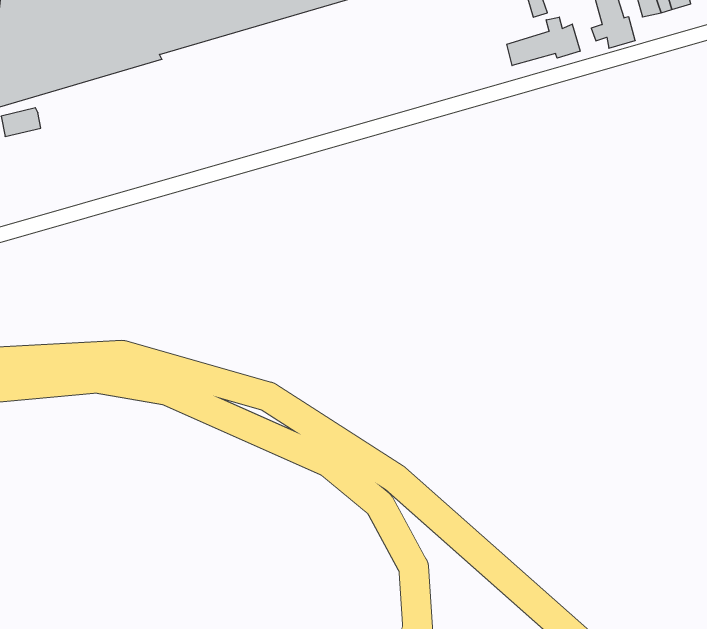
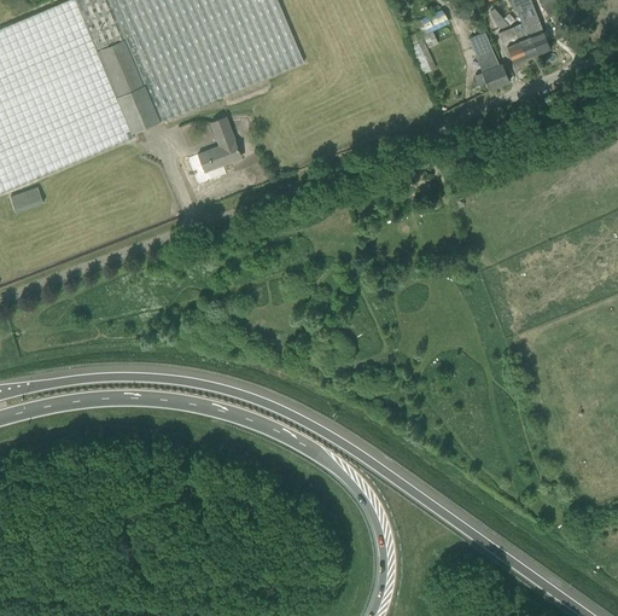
building: [507,17,580,66] -> none
building: none -> [206,116,241,168]

